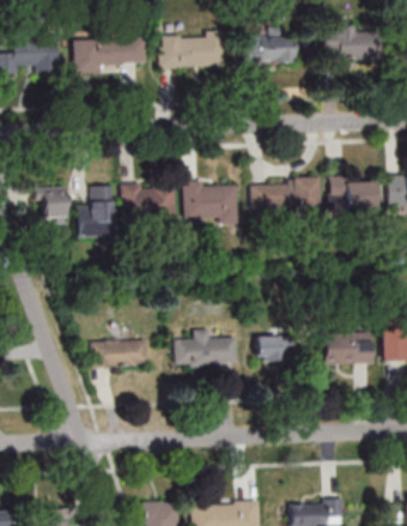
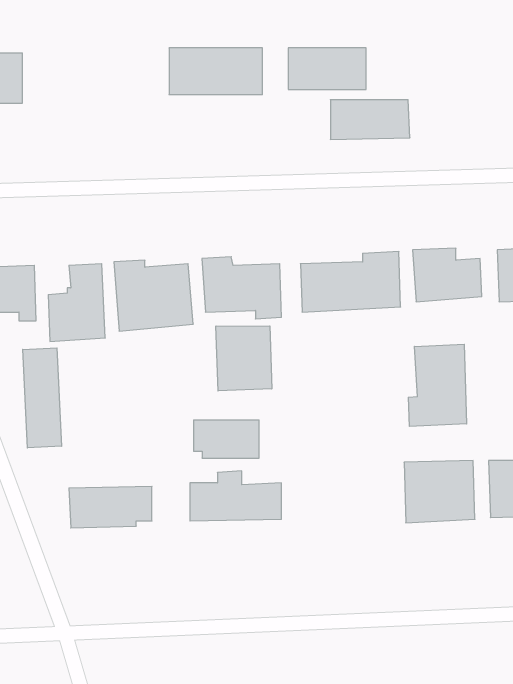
building: [323,31,378,59] -> [330,100,410,139]
building: [73,38,145,73] -> none
building: none -> [216,326,272,391]
building: none -> [408,344,467,426]
building: none -> [23,348,62,448]
building: [256,334,302,361] -> [194,420,259,458]

